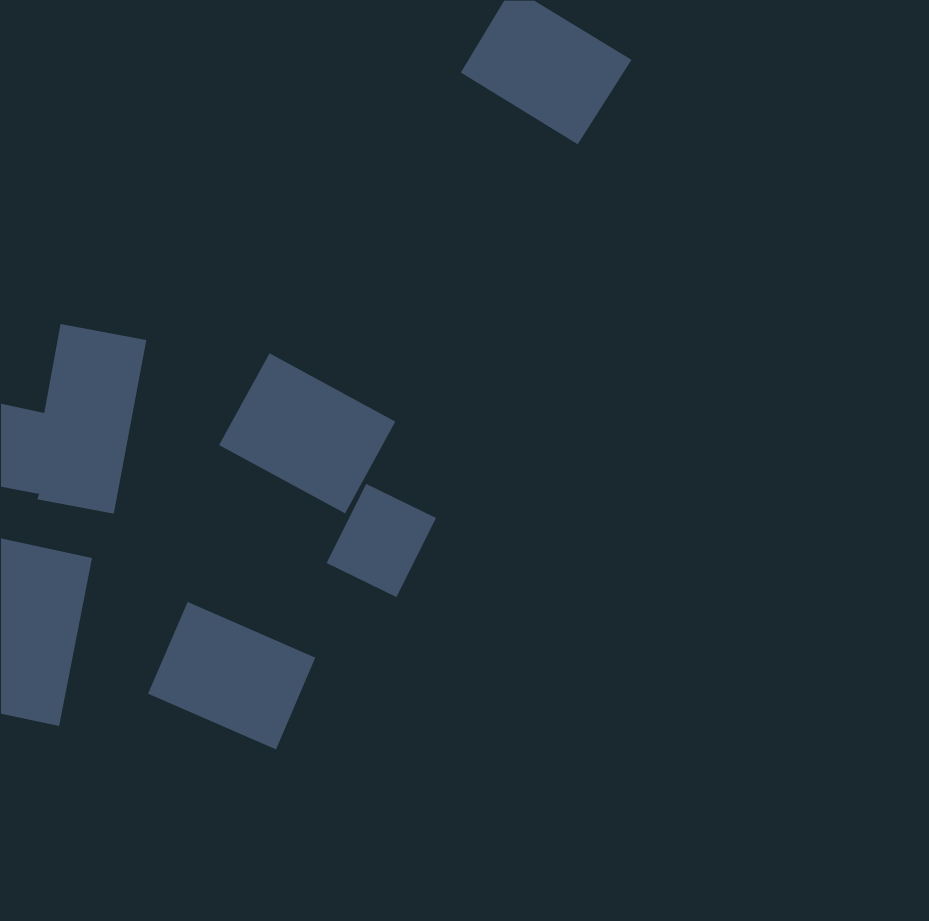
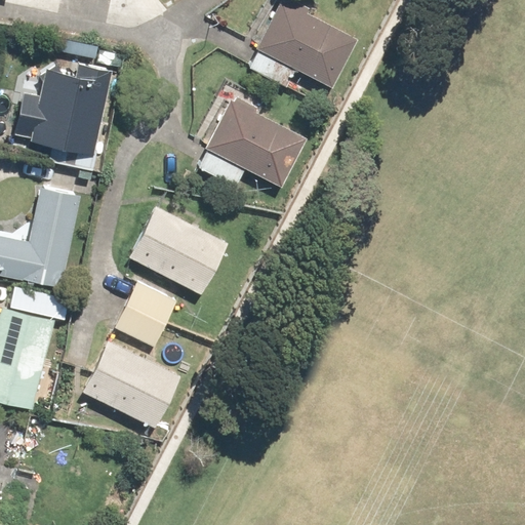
building: none -> [29,67,106,158]
building: none -> [201,93,307,187]
building: [326,483,437,598] -> [111,282,173,347]

